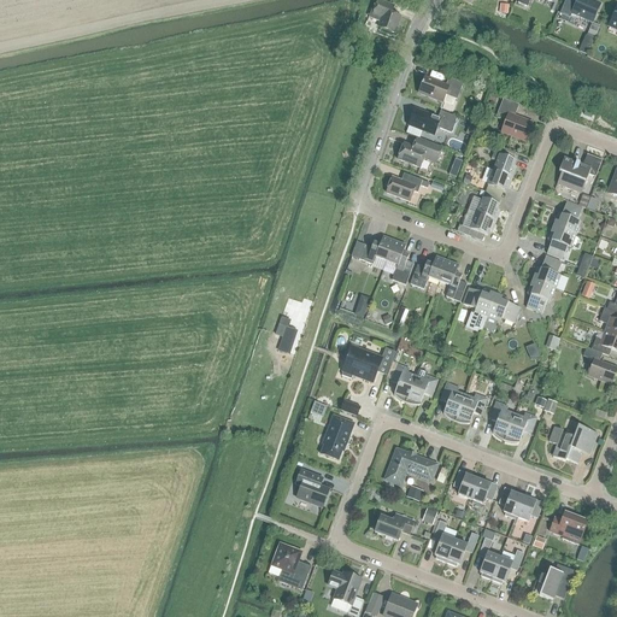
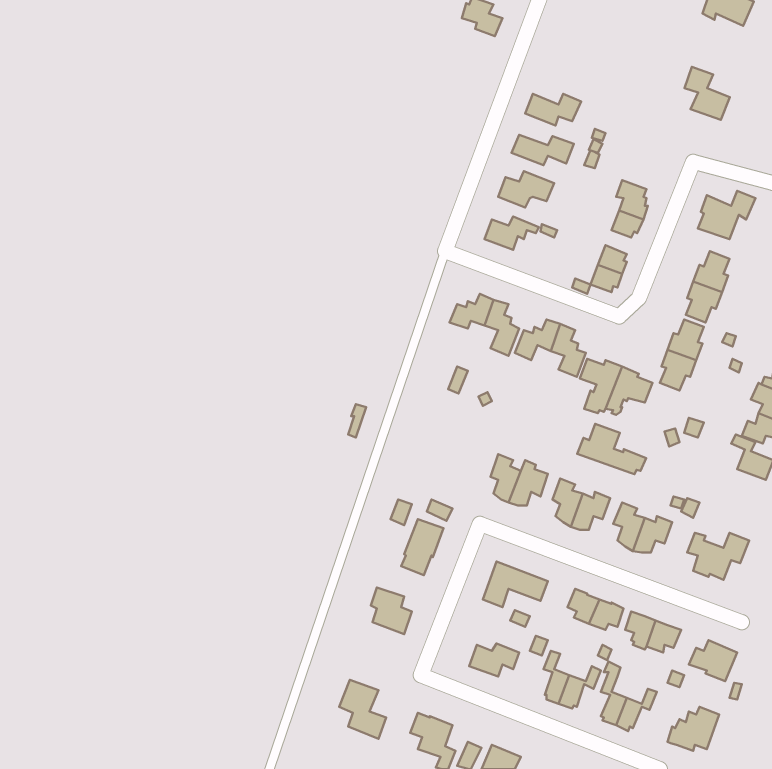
building: [496,96,533,139] -> [684,67,730,120]
building: none -> [577,424,646,474]
building: [341,345,382,380] -> none

